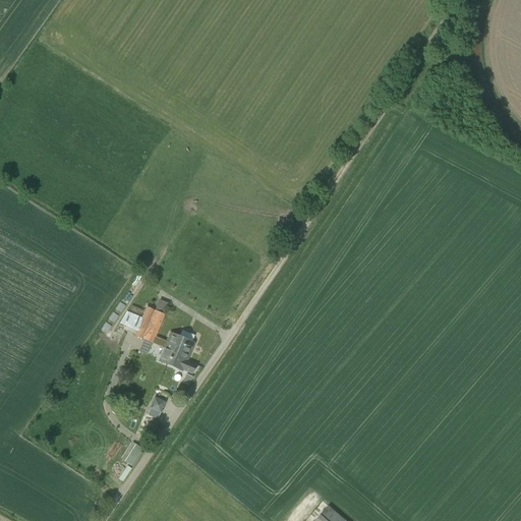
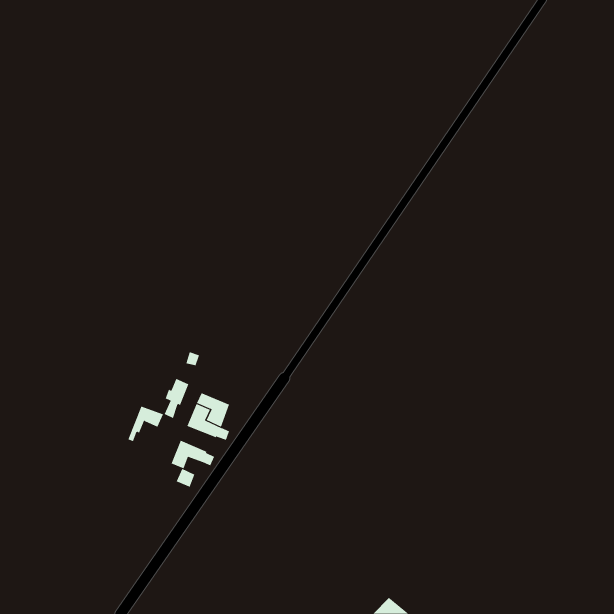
building: [135,306,166,337] -> [128,406,164,442]
building: none -> [171,440,215,469]

